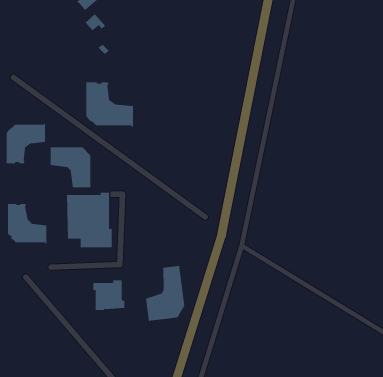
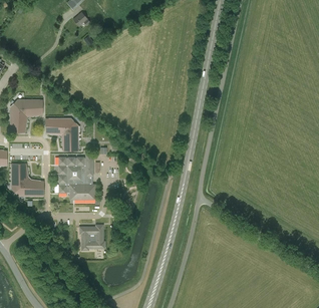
building: [86,81,135,127] -> none
building: [145,265,185,322] -> none

